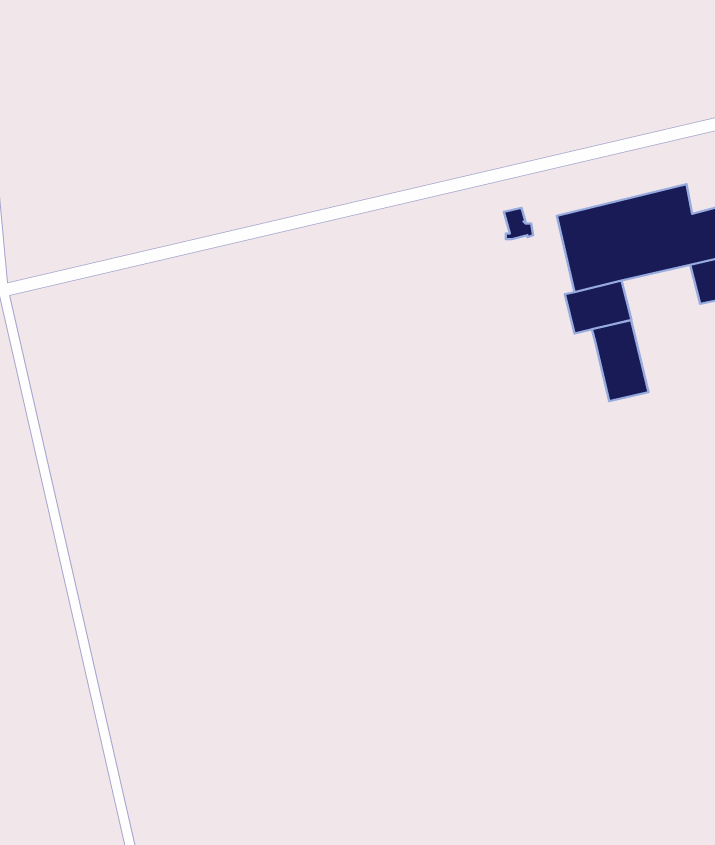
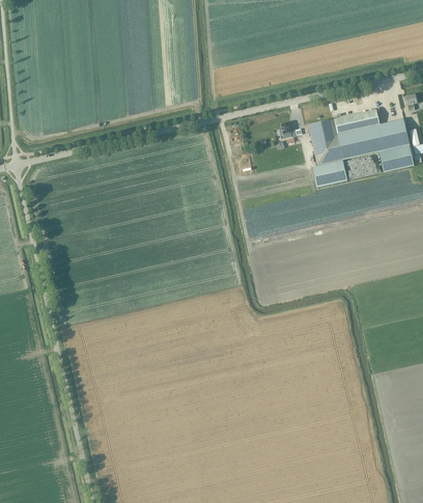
building: [592,320,649,401] -> none

